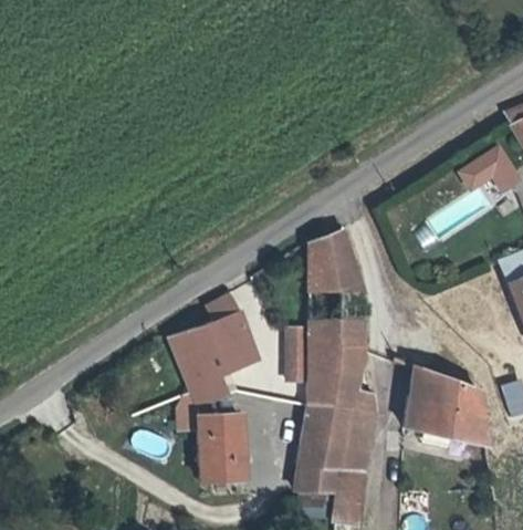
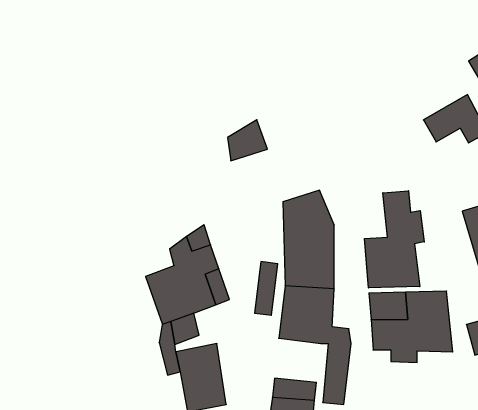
building: [308,220,351,263] -> [228,120,267,161]
building: none -> [365,191,424,288]
building: [303,407,352,454] -> none

